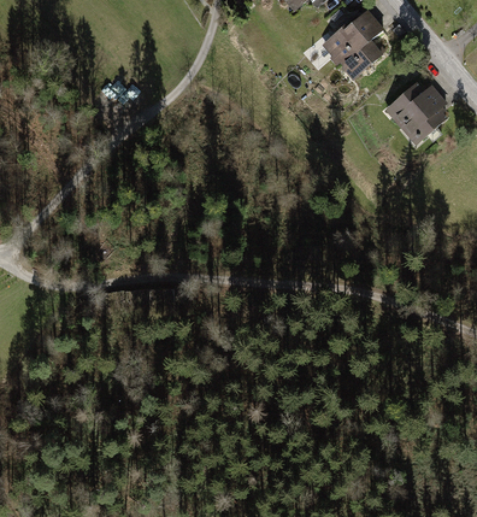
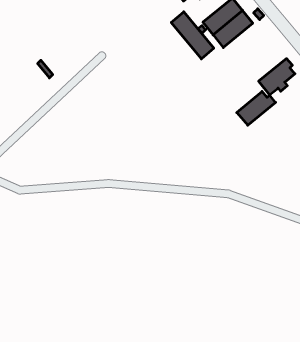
building: none -> [171,12,214,59]
building: [384,78,440,127] -> [237,91,276,125]

